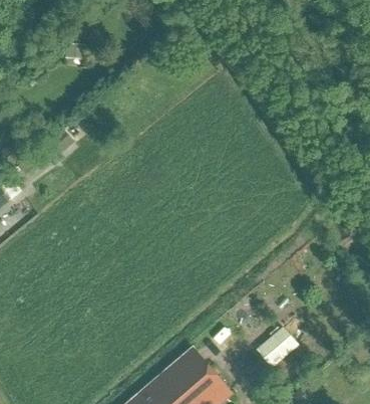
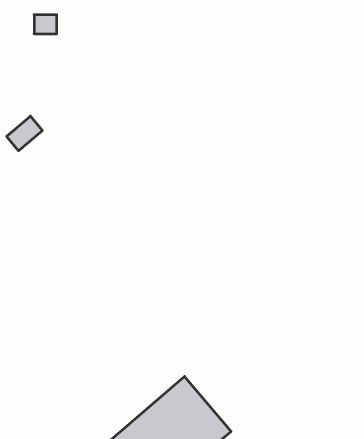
building: [253,322,296,363] -> none

